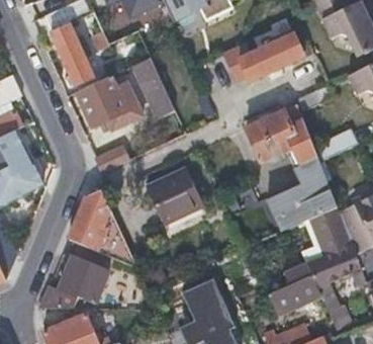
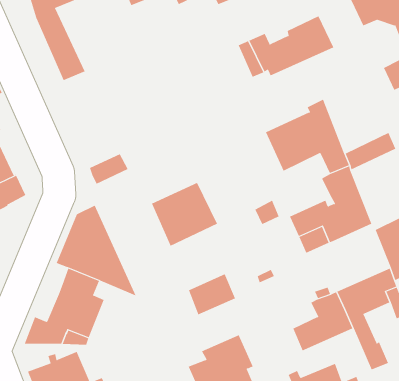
building: [131,57,174,117] -> none
building: [76,68,144,128] -> none
building: [300,205,351,263] -> none
building: [182,278,222,314] -> [188,273,236,315]

